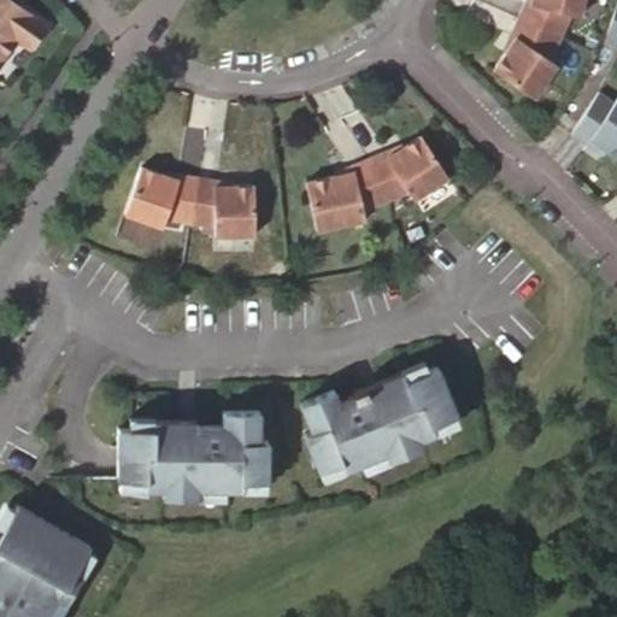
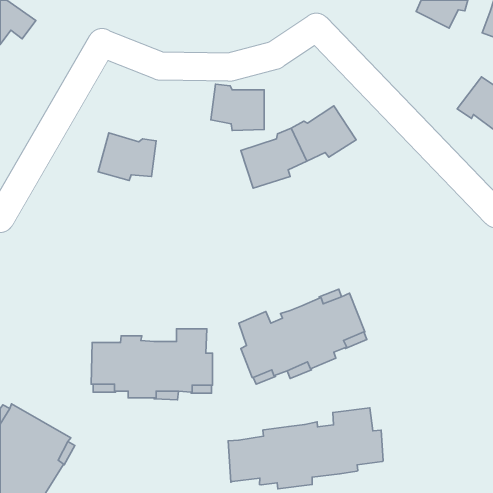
building: [493,18,562,99] -> none
building: [192,178,258,236] -> [211,84,264,131]
building: none -> [228,408,383,489]

